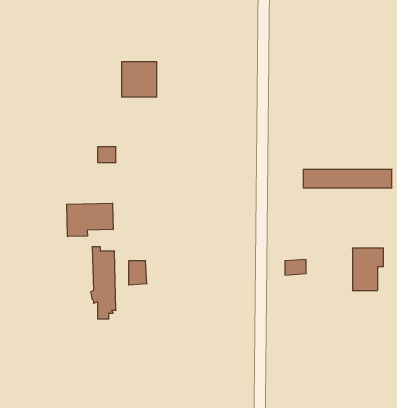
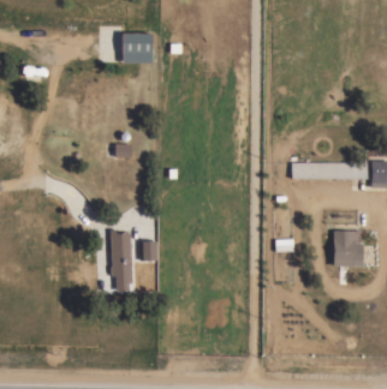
building: [122,62,157,97] -> [123,32,153,62]
building: [67,203,113,237] -> none

